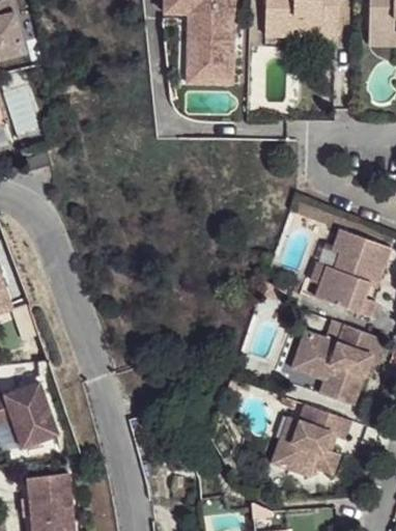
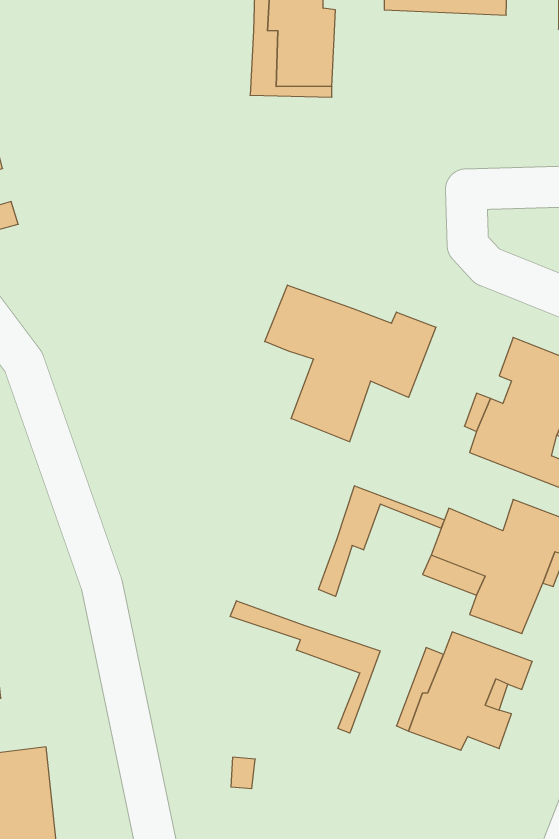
building: none -> [265,285,436,442]
building: none -> [319,486,444,596]
building: none -> [230,601,380,733]

